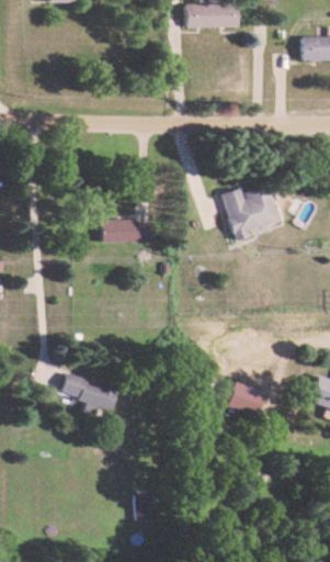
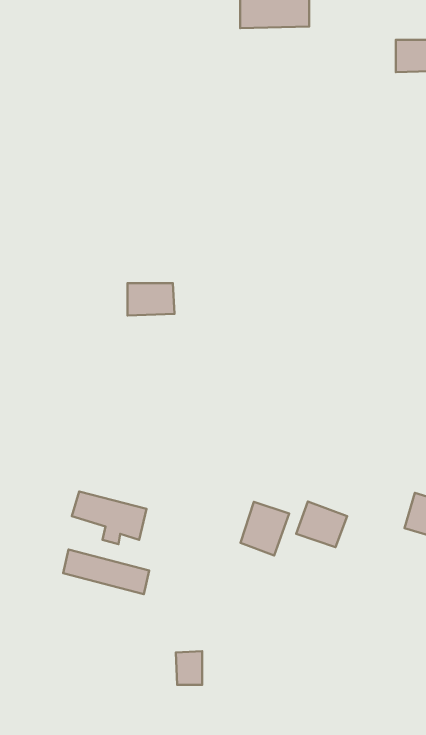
building: [221,189,278,240] -> none
building: none -> [241,502,289,555]
building: none -> [63,549,149,594]

